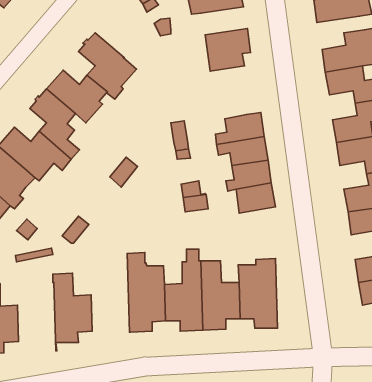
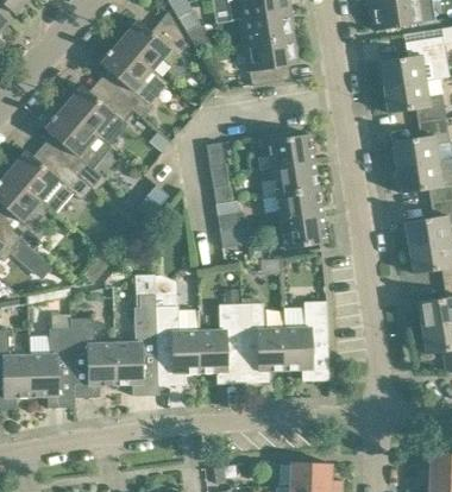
building: none -> [240,11,294,43]
building: none -> [119,17,188,69]
building: none -> [114,294,159,395]
building: none -> [30,327,74,406]

